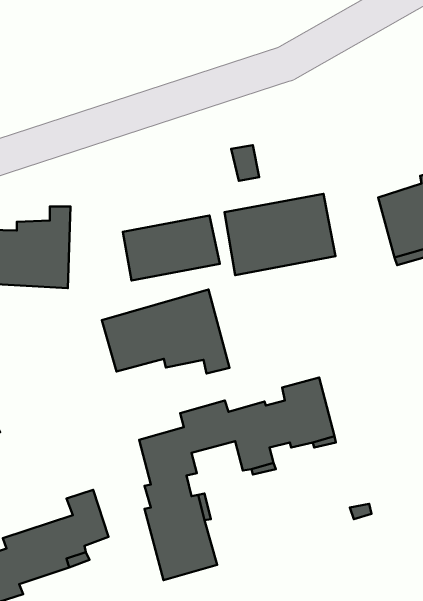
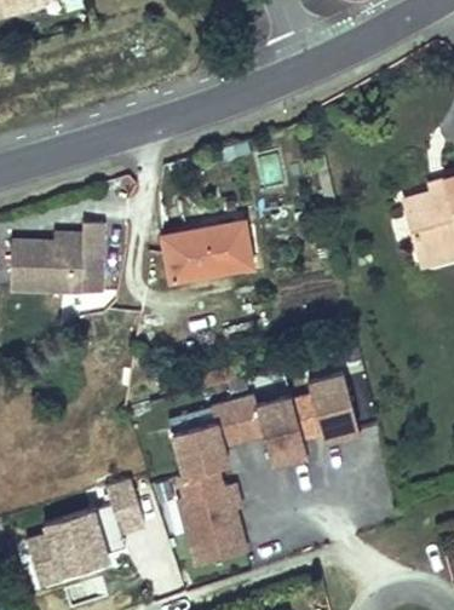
building: [224,194,336,275] -> none
building: [102,290,229,373] -> none

